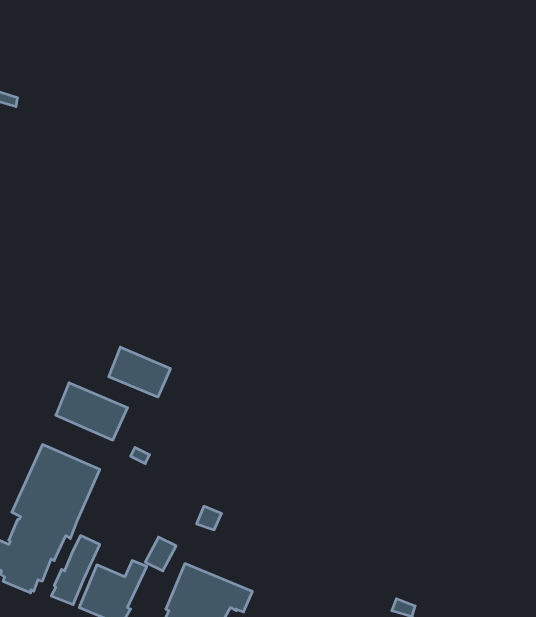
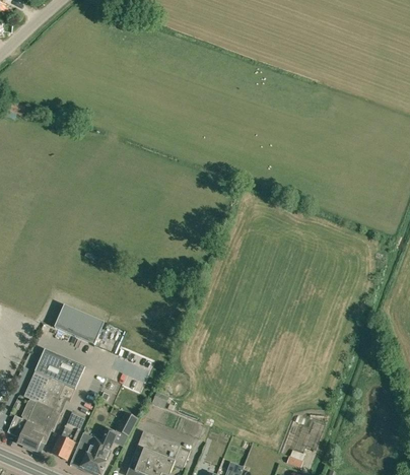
building: [109,347,170,397] -> none

